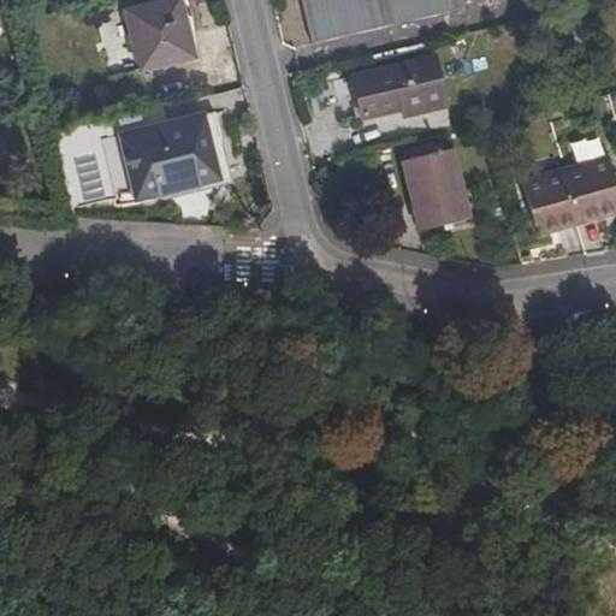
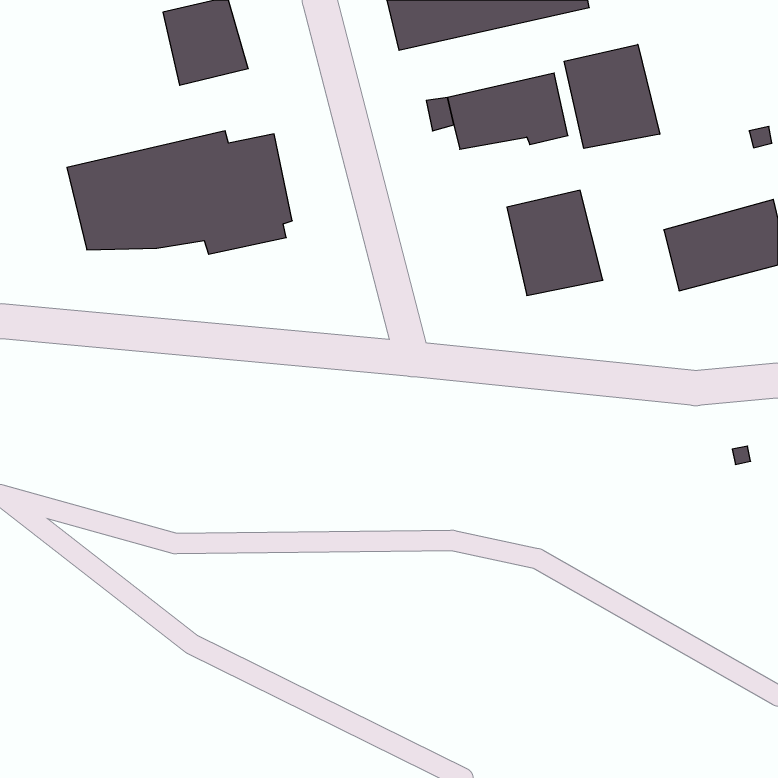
building: none -> [564,44,660,148]

